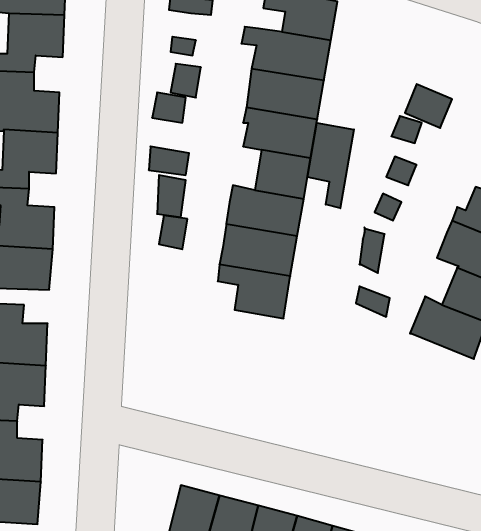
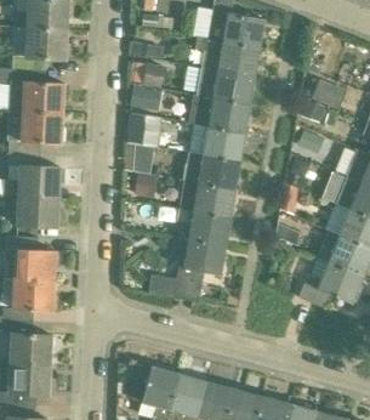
building: [308,123,354,208] -> none
building: none -> [150,238,224,301]
building: none -> [298,257,362,307]

